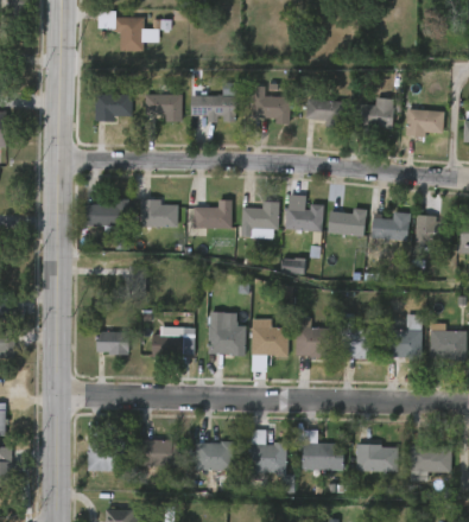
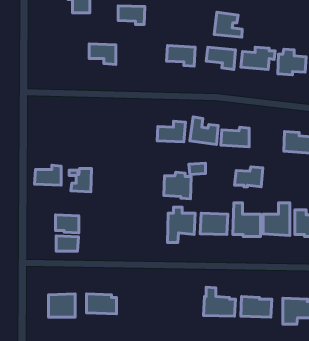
building: none -> [214,12,242,37]
building: [95,94,133,120] -> none
building: [197,96,234,122] -> [118,6,145,25]
building: [89,199,126,227] -> [35,165,61,185]
building: [137,199,172,227] -> none
building: [190,200,229,231] -> none
building: [367,212,406,240] -> [234,167,263,187]
building: [209,320,247,357] -> [164,172,191,199]
building: [153,335,184,356] -> [56,236,78,251]
building: [251,429,287,480] -> none
building: [192,440,232,470] -> none

